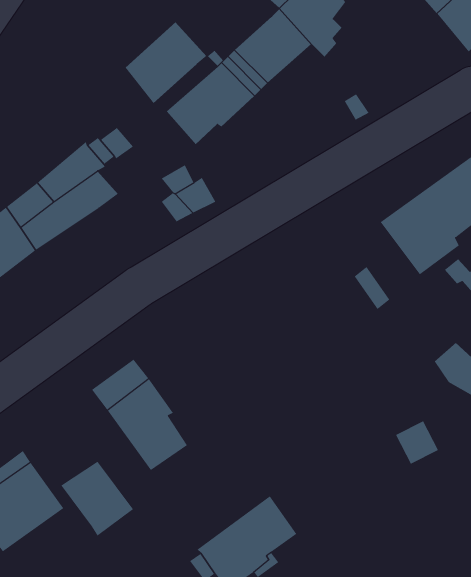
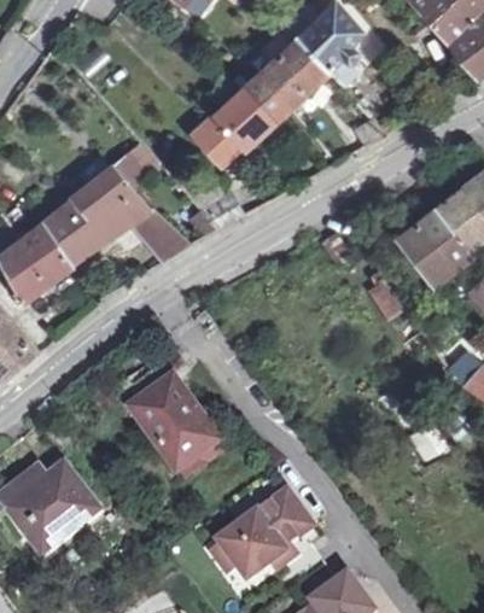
building: [125,21,207,104] -> none
building: none -> [130,211,185,263]
building: [60,461,134,536] -> none

